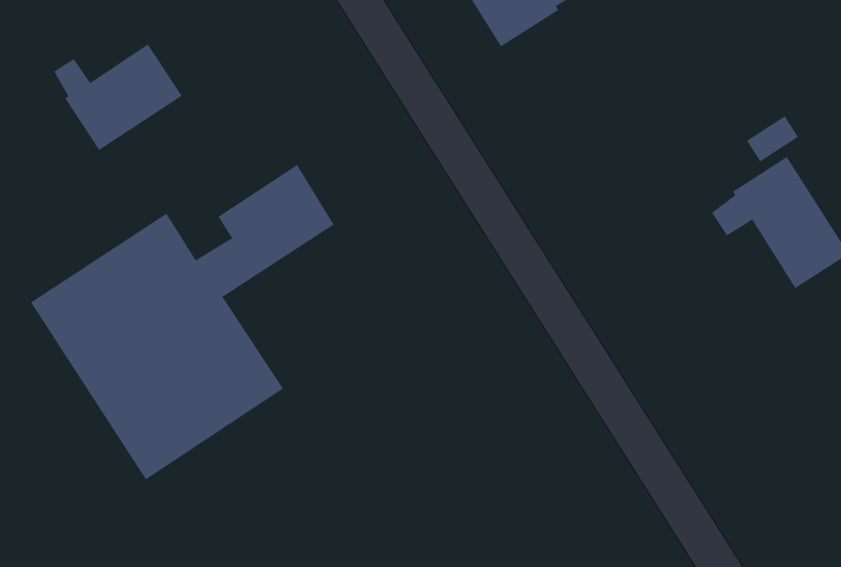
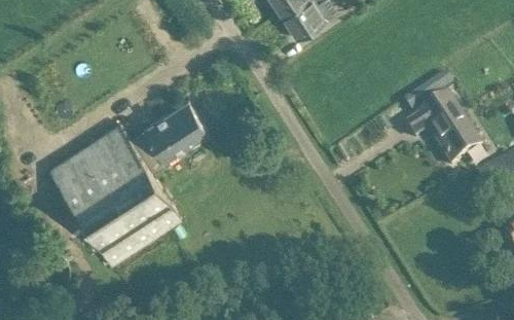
building: [53,43,182,151] -> none

